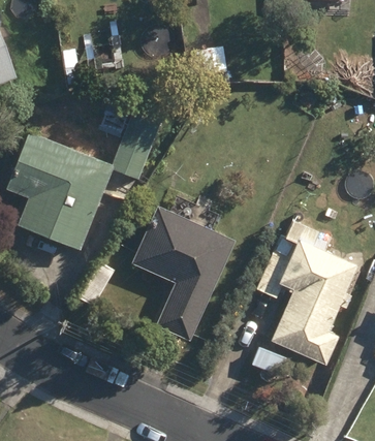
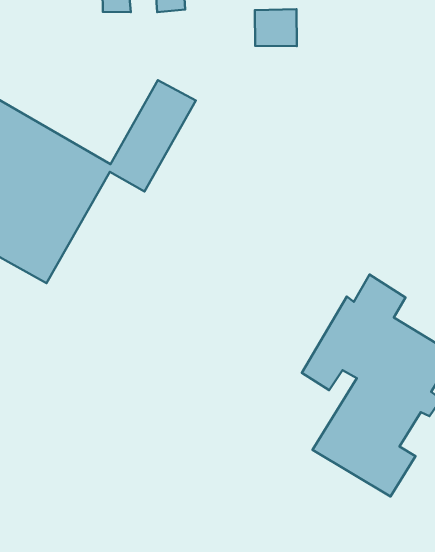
building: [132,207,233,339] -> none

